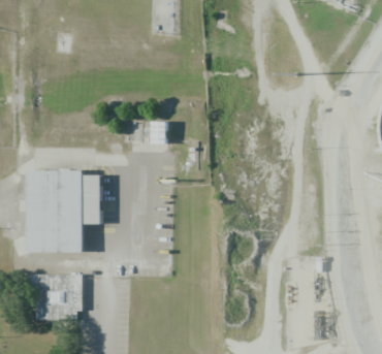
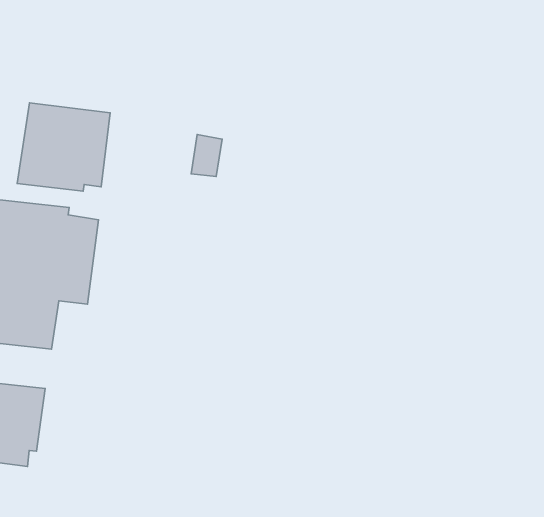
building: none -> [17,103,110,191]

